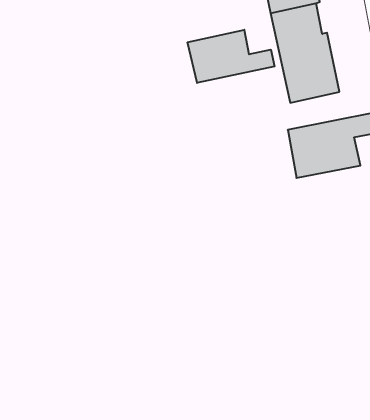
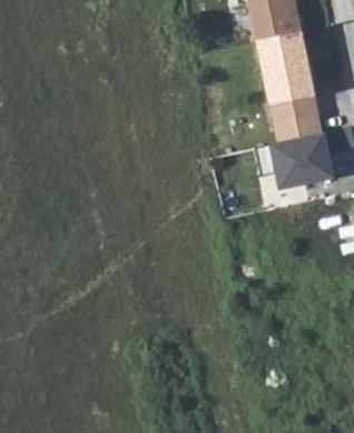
building: [188,30,275,83] -> none

